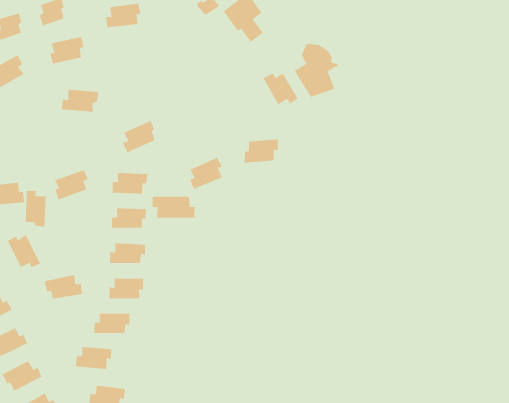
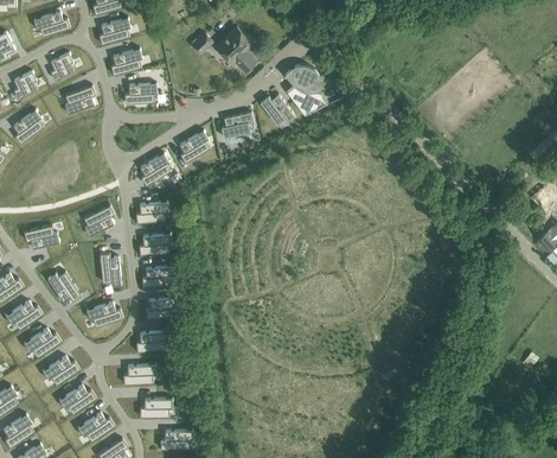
building: [61,89,99,112] -> [124,82,156,102]
building: [244,139,279,163] -> [222,110,252,136]
building: [190,157,223,190] -> [179,129,210,161]
building: [25,190,47,227] -> [100,252,121,284]
building: [152,196,195,218] -> none

